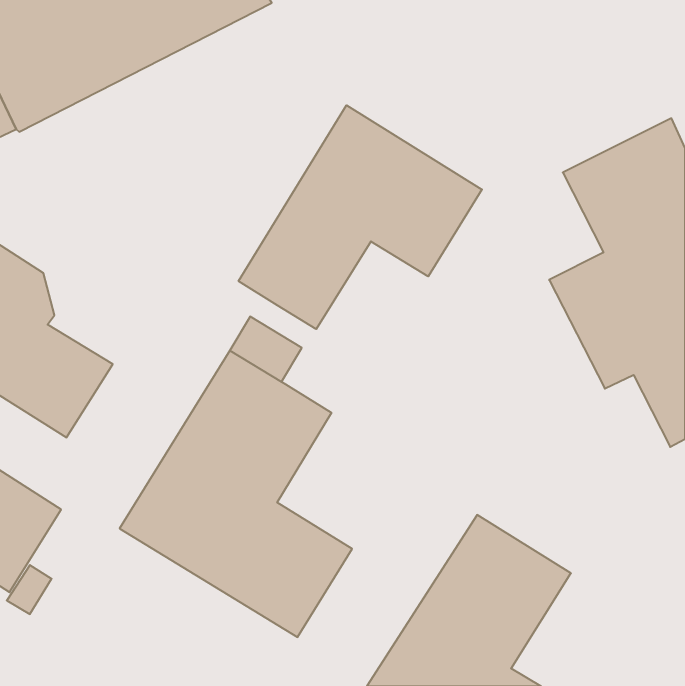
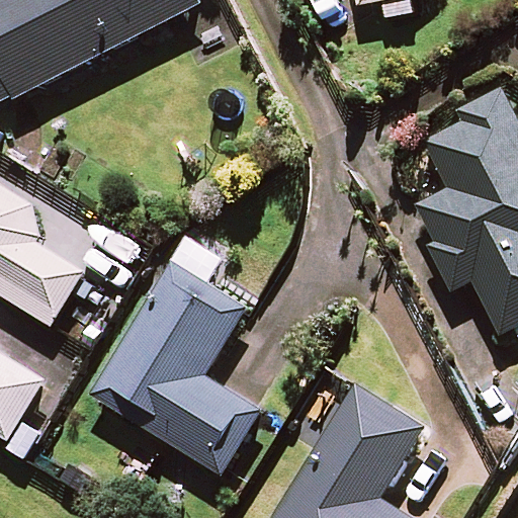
building: [239,105,482,329] -> none

